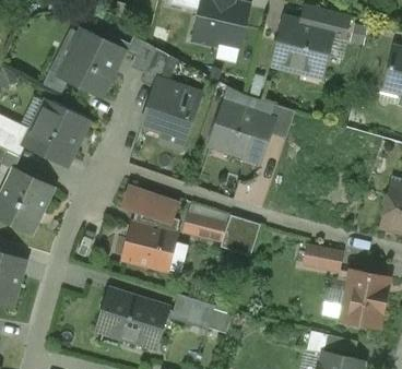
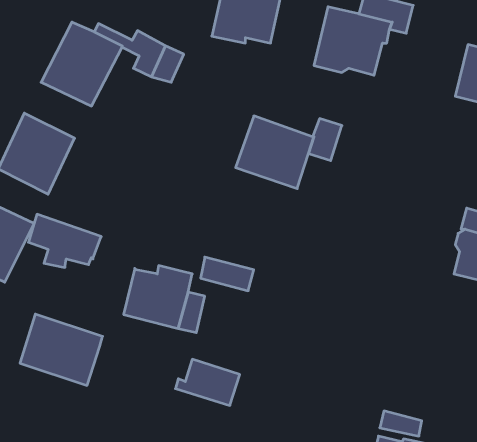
building: [142,80,199,146] -> none
building: [121,184,178,226] -> [28,214,101,267]
building: [226,214,263,253] -> none
building: [304,245,340,270] -> none
building: [340,271,388,325] -> none
building: [102,290,166,346] -> [20,314,103,385]

